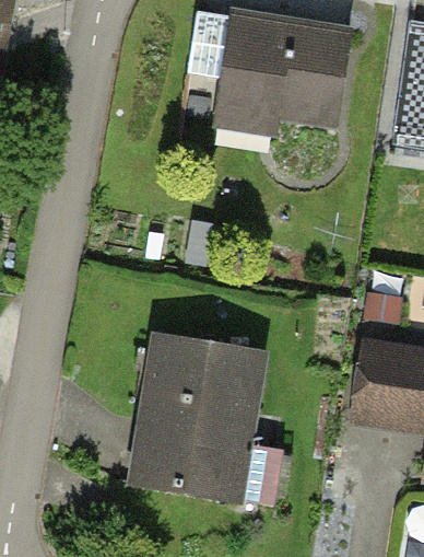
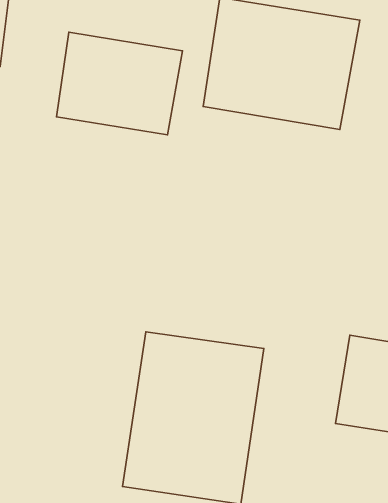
building: none -> [56,32,182,135]

